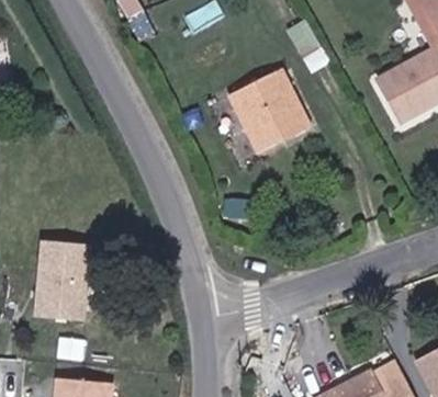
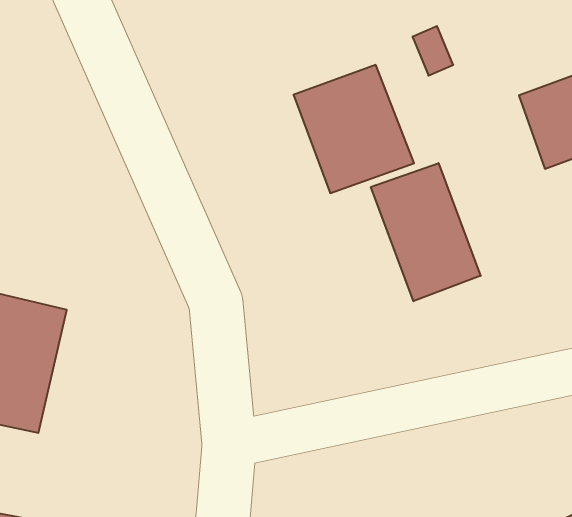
building: none -> [371,163,481,301]

